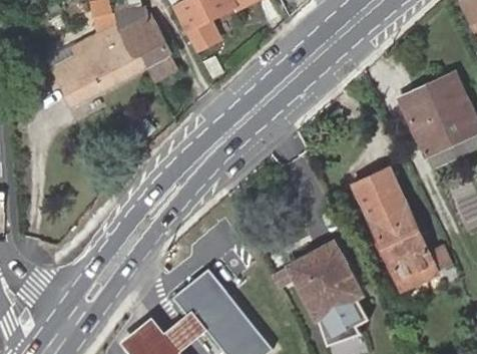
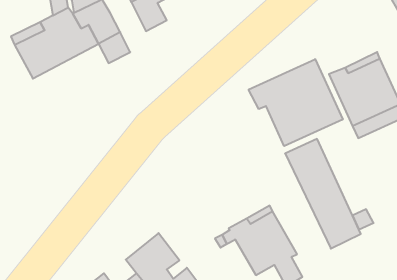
building: none -> [249,59,343,146]

